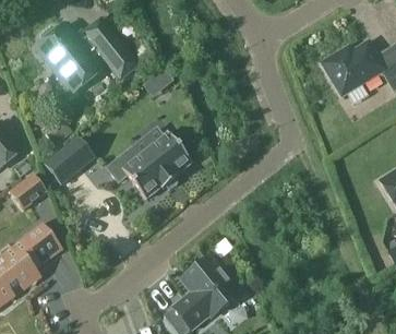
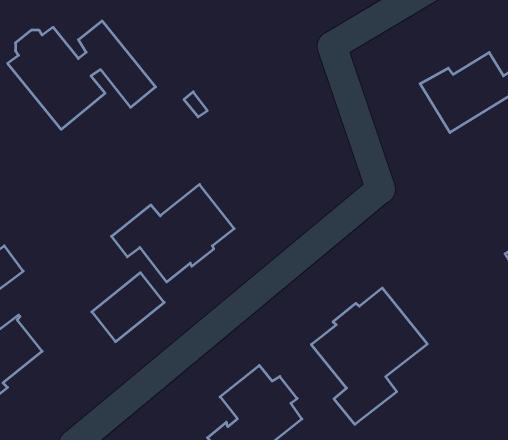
building: [45,136,95,184] -> [92,273,164,342]
building: none -> [311,288,427,424]

